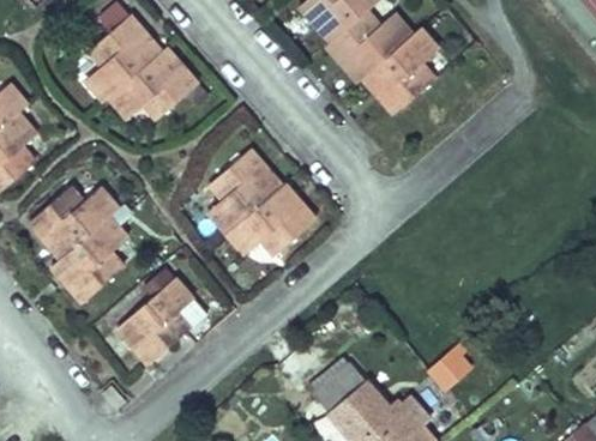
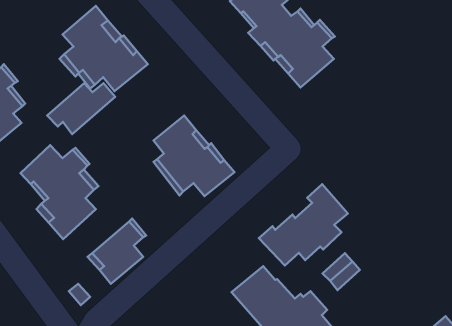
building: none -> [47,83,115,134]
building: none -> [259,184,348,266]

